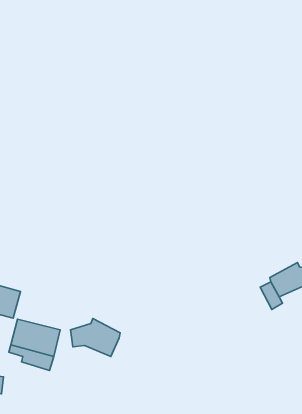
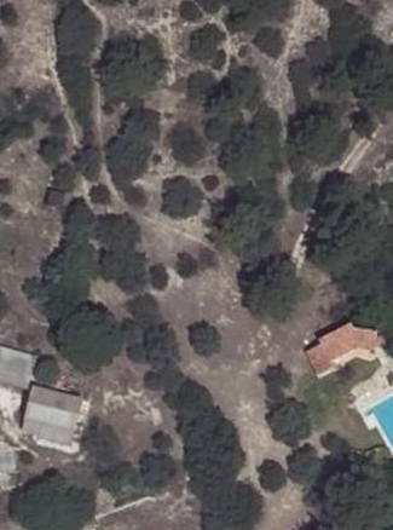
building: [71,318,120,356] -> none

